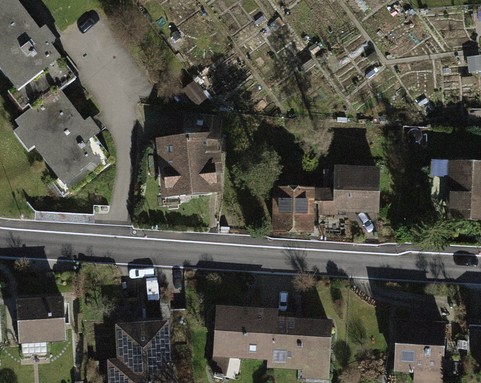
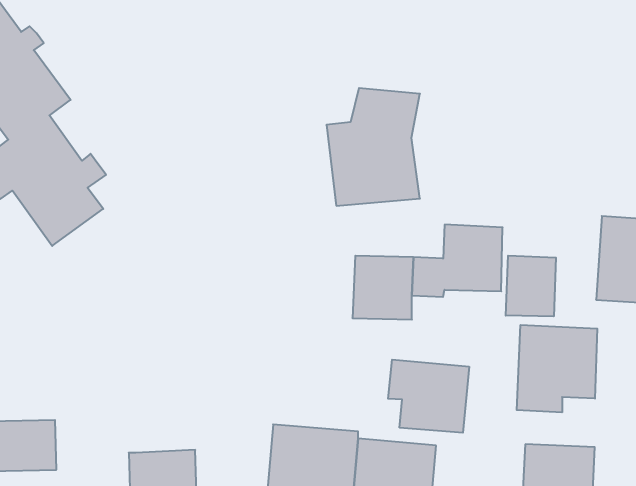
building: [155,114,221,197] -> [326,88,420,206]
building: none -> [506,256,556,316]
building: none -> [517,325,597,412]
building: none -> [388,360,469,433]

